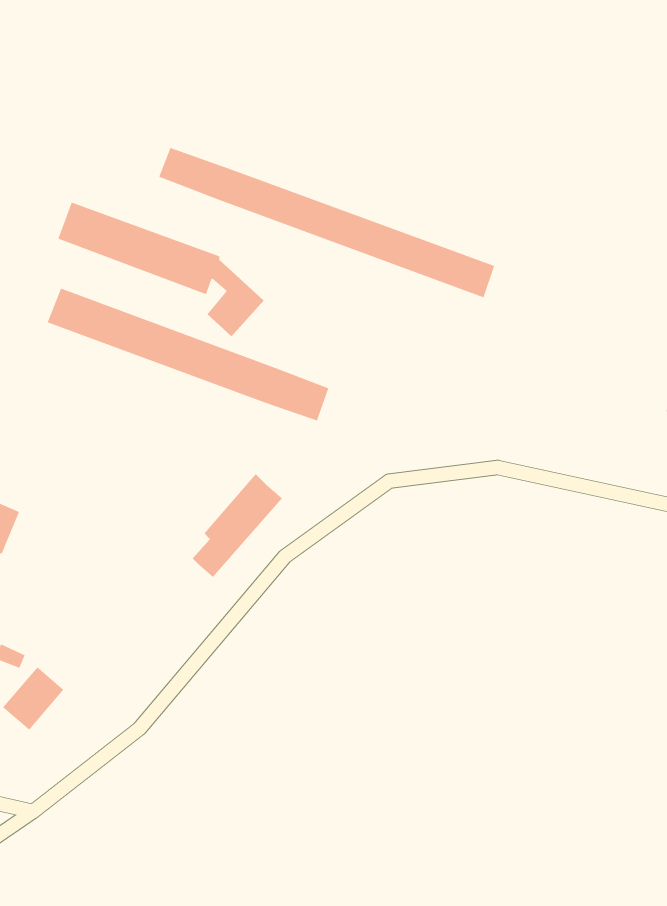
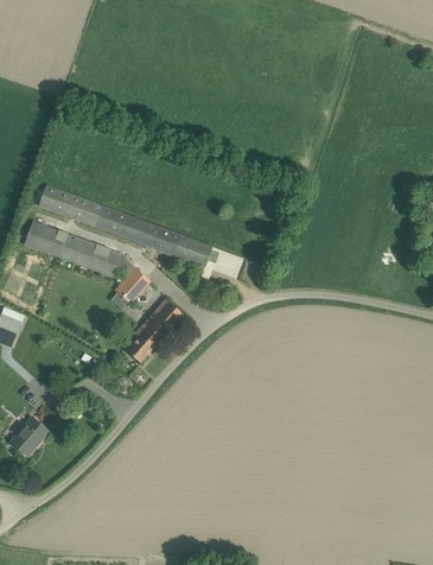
building: [159,147,495,298] -> none
building: [58,202,265,337] -> [24,221,151,304]

